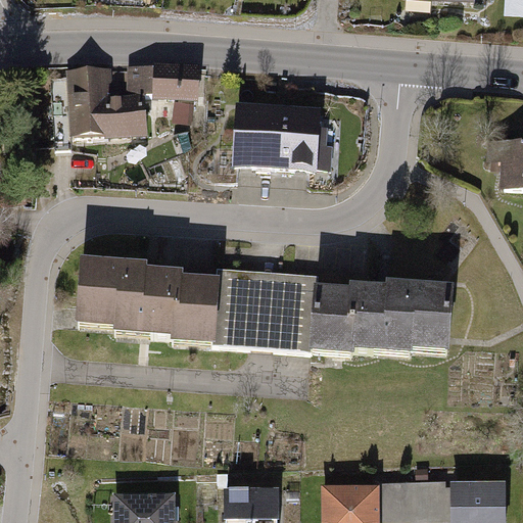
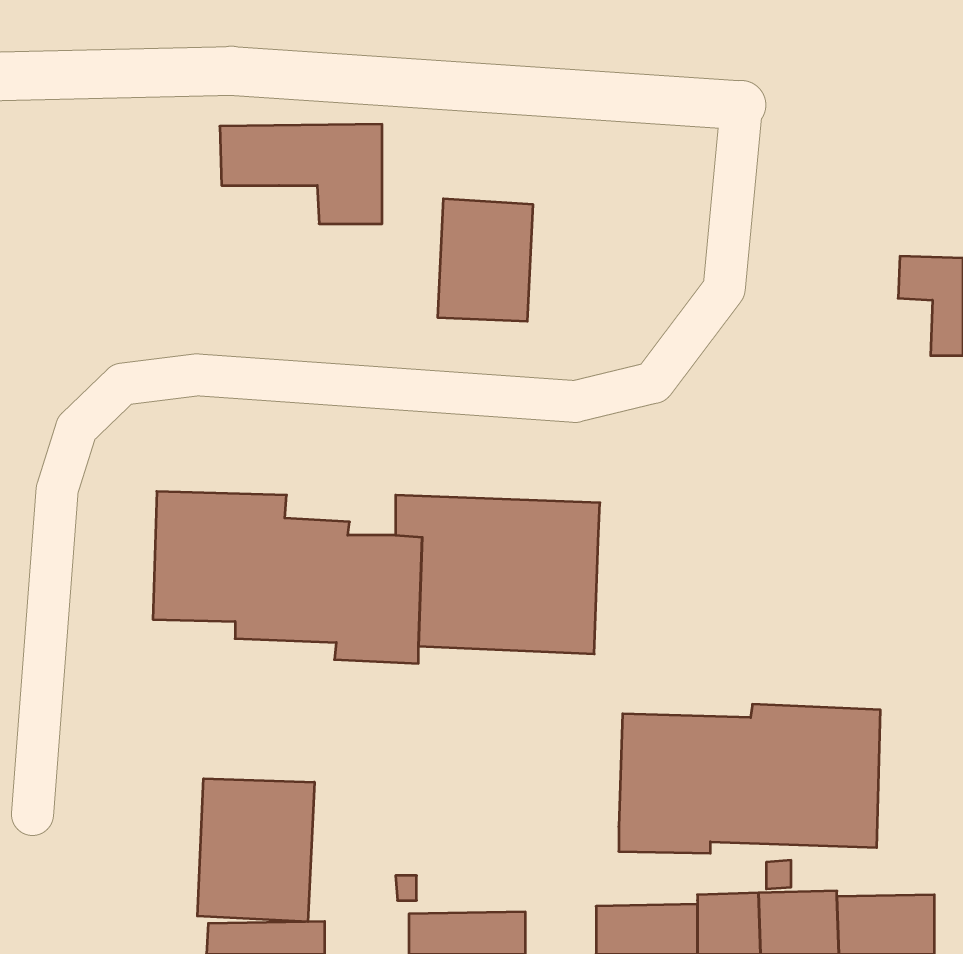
building: [64,67,149,141] -> none
building: [282,109,327,174] -> none
building: [318,284,458,364] -> [619,704,880,853]
building: none -> [197,779,314,922]

